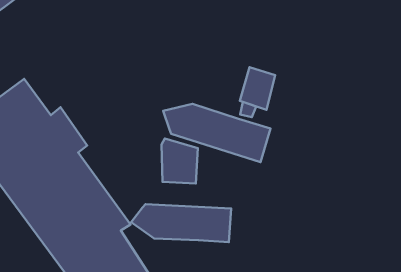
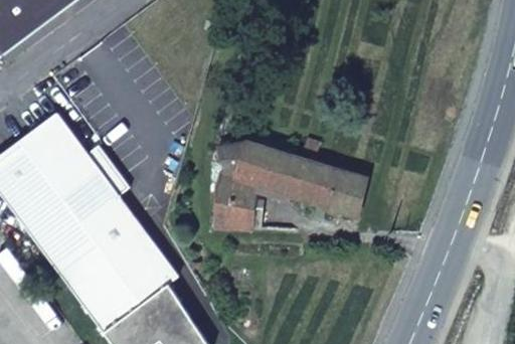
building: [240,67,275,110] -> [325,169,365,217]
building: [131,204,231,242] -> none

